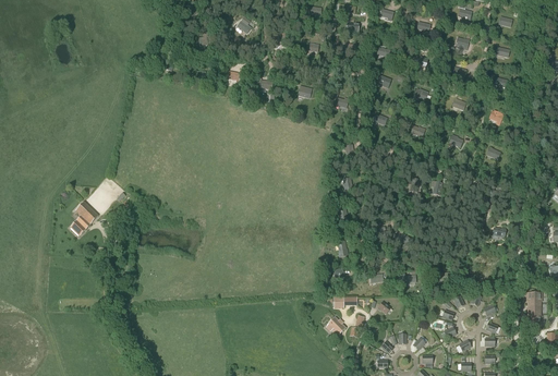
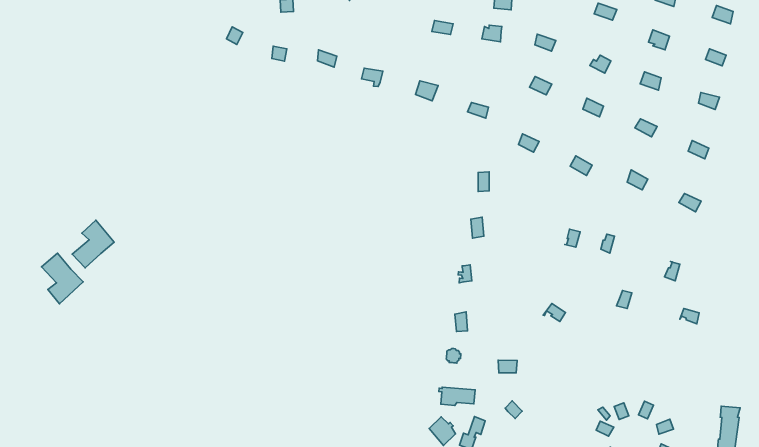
building: none -> [41,253,83,304]

